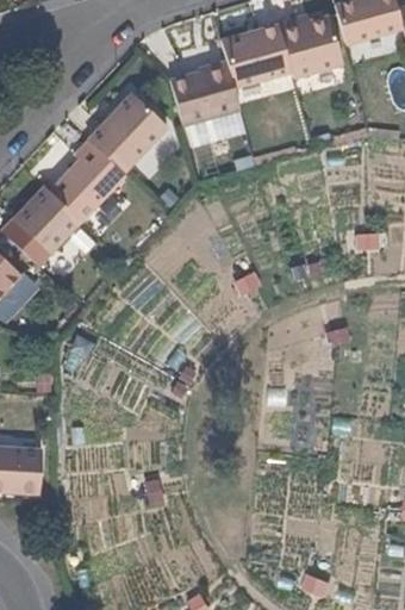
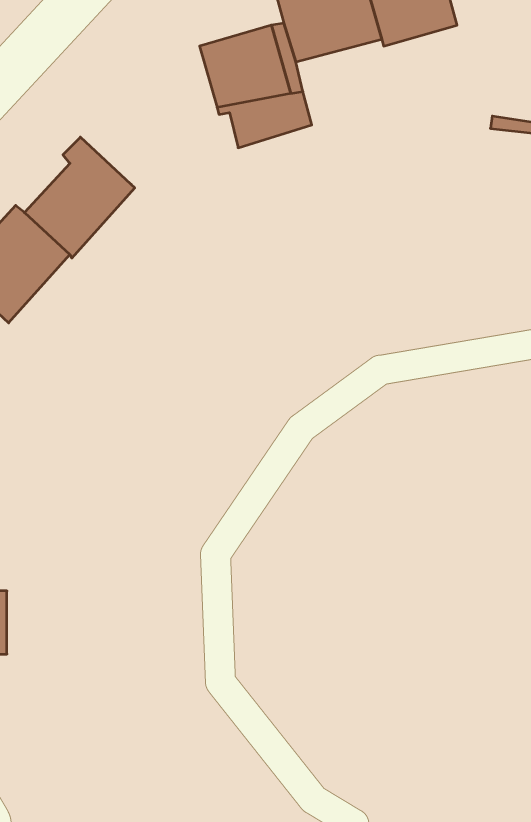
building: [88,91,166,172] -> none

